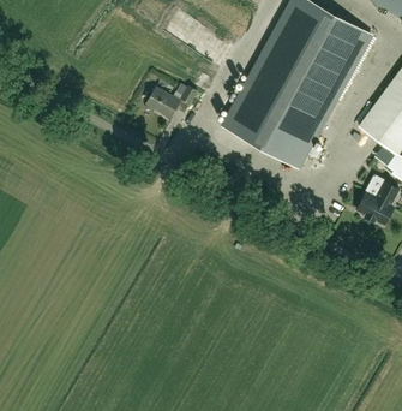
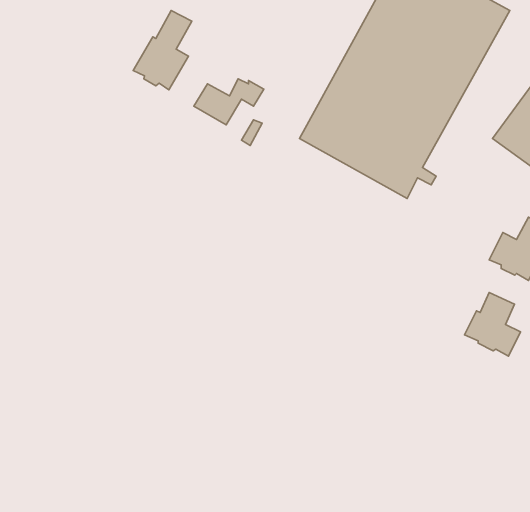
building: none -> [133,10,192,90]
building: none -> [464,292,520,356]

